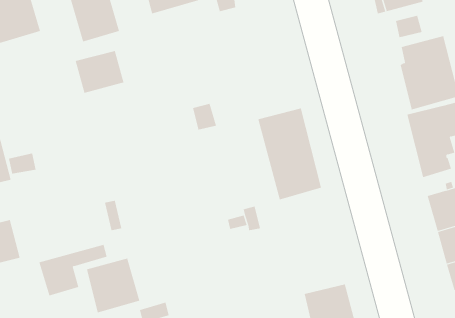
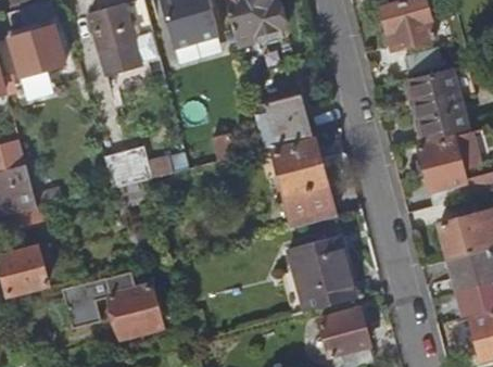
building: [75,51,125,93] -> [105,147,153,188]
building: none -> [253,92,313,149]
building: none -> [289,236,351,313]

